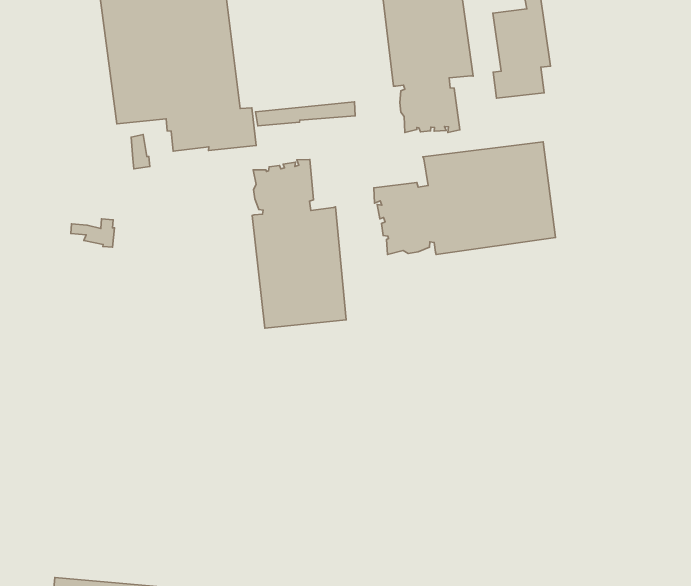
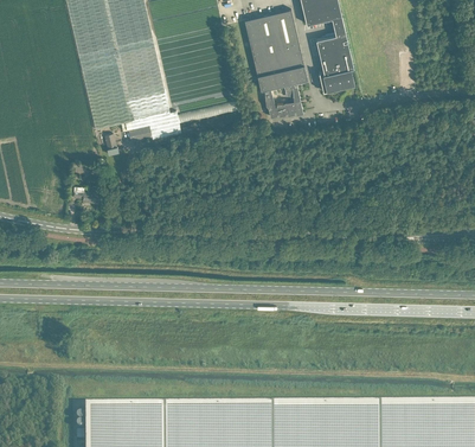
building: [374,142,556,255] -> none
building: [252,160,346,328] -> none

